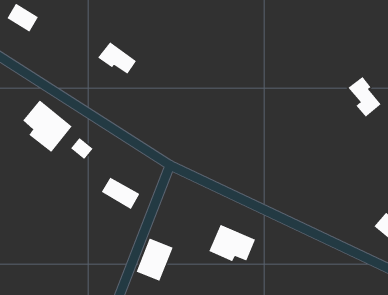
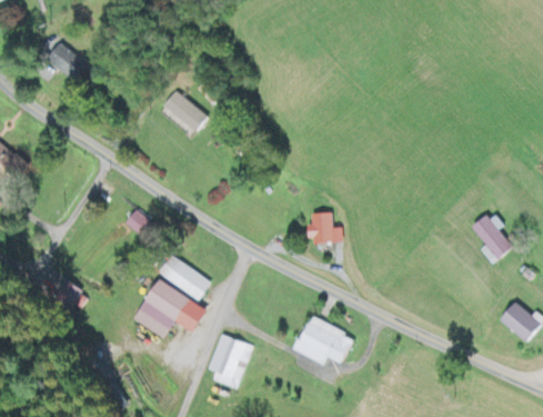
building: [347,76,381,118] -> [471,212,513,264]
building: [22,99,72,153] -> none
building: none -> [306,212,341,241]
building: none -> [133,279,208,338]

